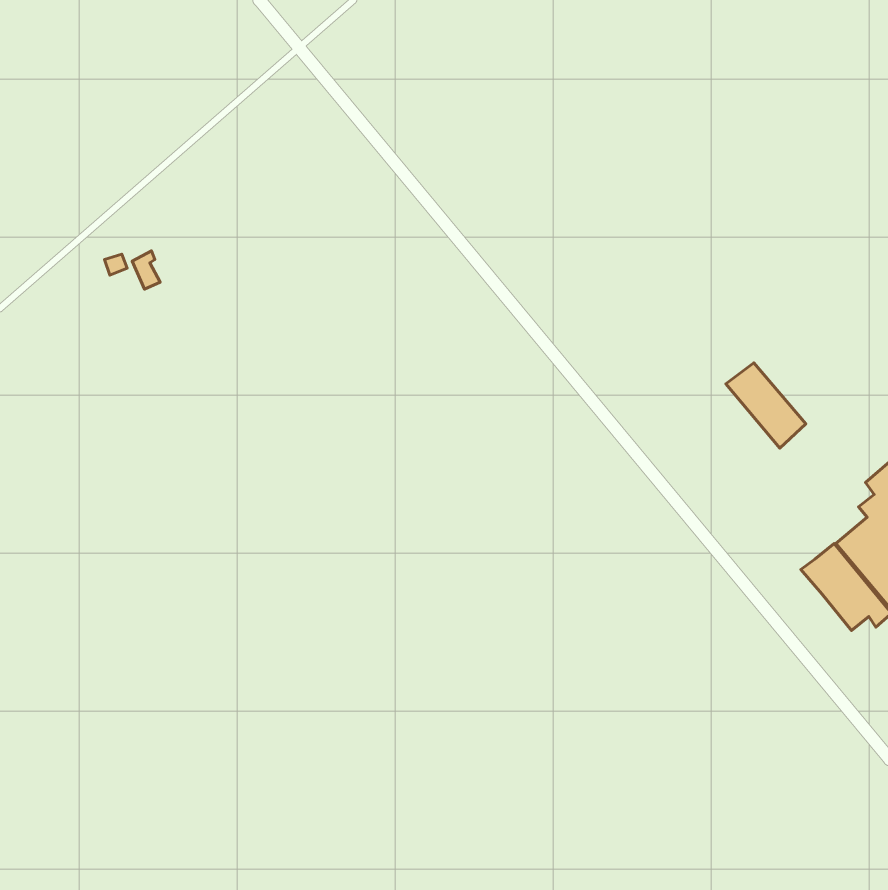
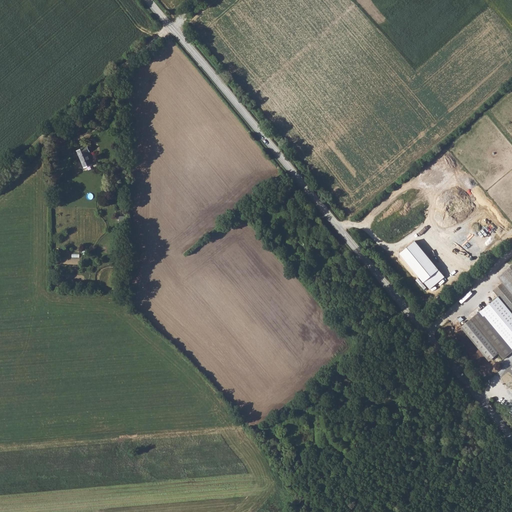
building: [726,363,806,448] -> [400,242,446,291]

